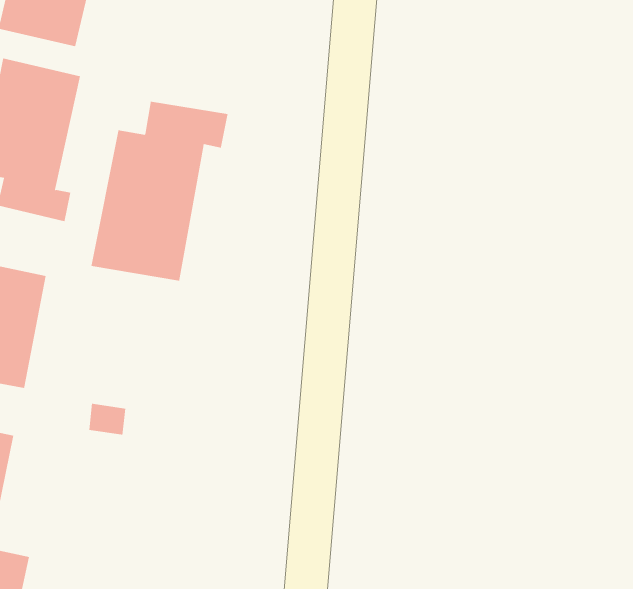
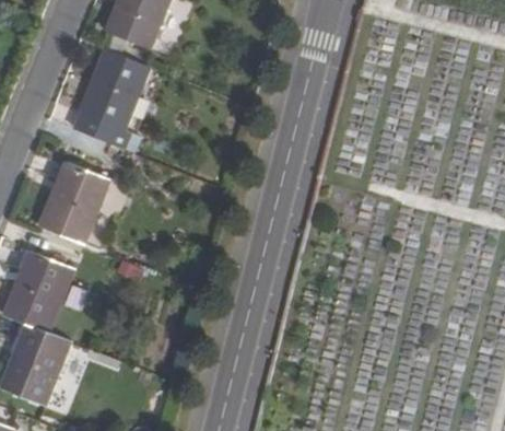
building: [91,101,228,281] -> none

